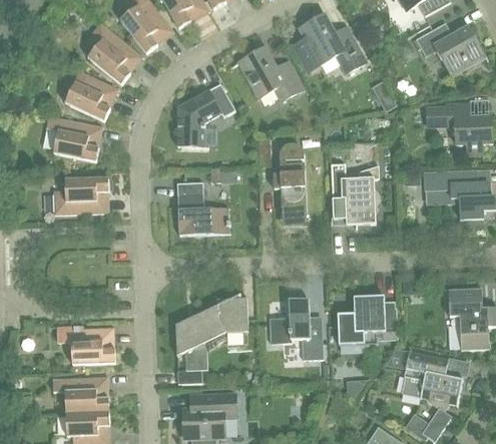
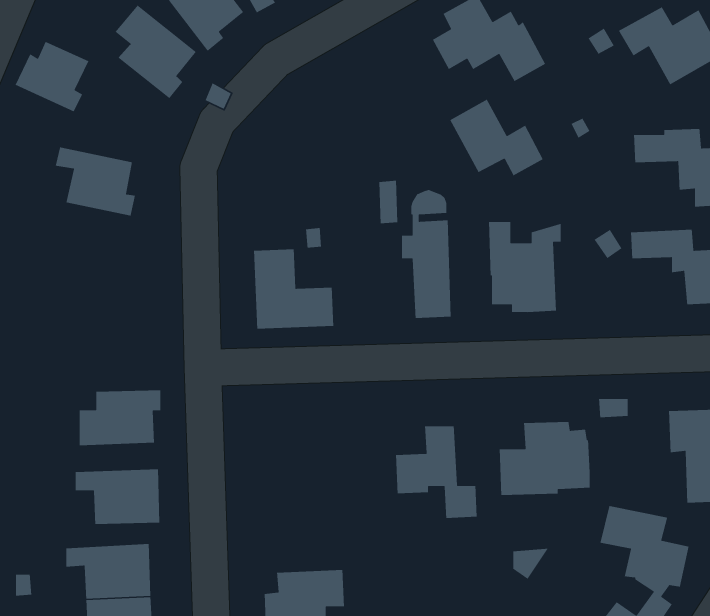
building: [238,48,301,99] -> [449,99,544,176]
building: [64,73,113,120] -> [15,41,89,113]
building: [176,83,234,146] -> none
building: [53,177,107,214] -> [79,390,161,446]
building: [175,297,247,386] -> none

